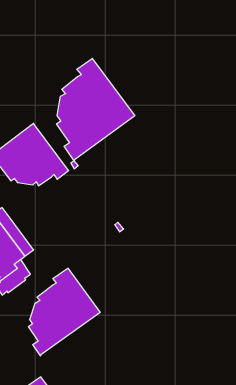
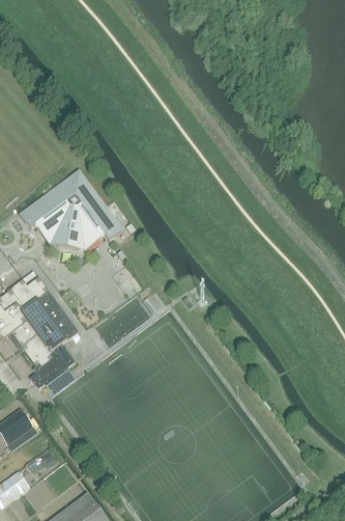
building: [57,58,135,161] -> none
building: [28,268,100,356] -> none

